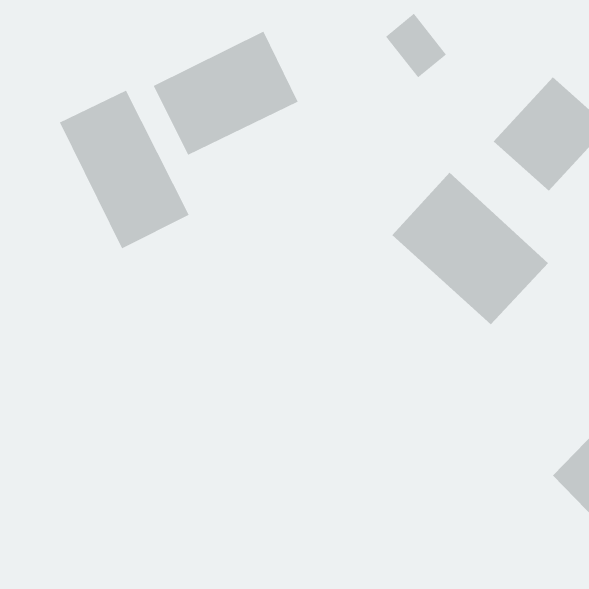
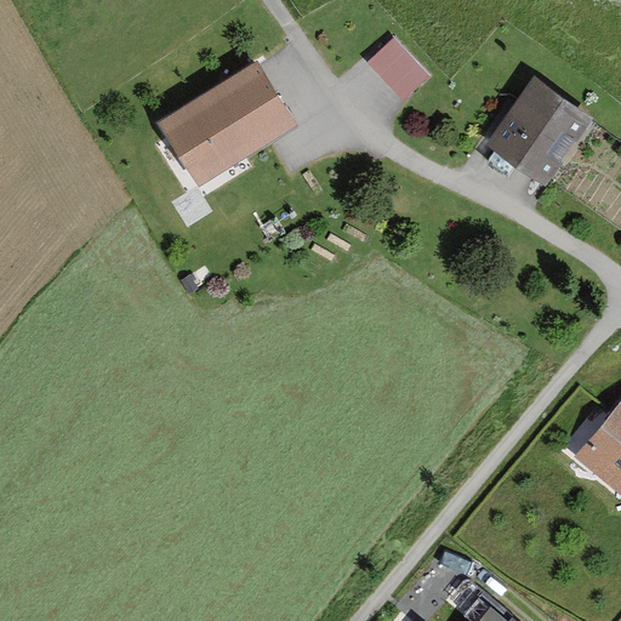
building: [59,90,190,249] -> none
building: [392,172,549,325] -> none

